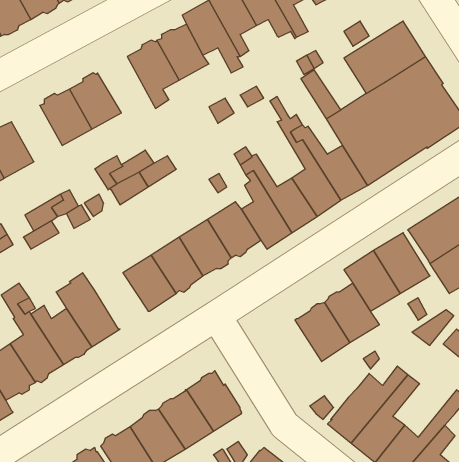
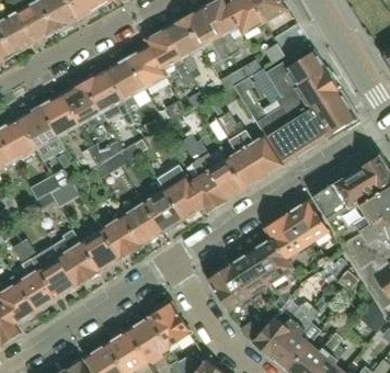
building: none -> [82,70,125,120]
building: none -> [19,106,56,148]
building: none -> [80,230,119,272]
building: none -> [206,265,248,309]

